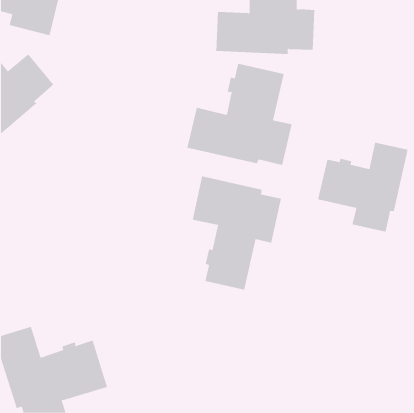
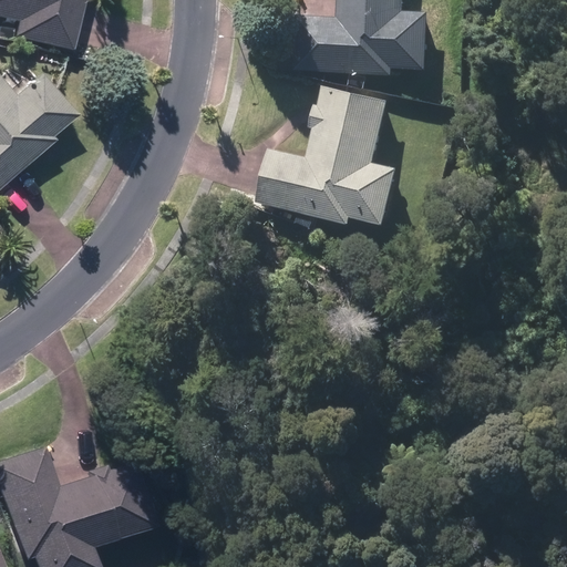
building: [318,142,408,232] -> none
building: [192,175,282,291] -> none

